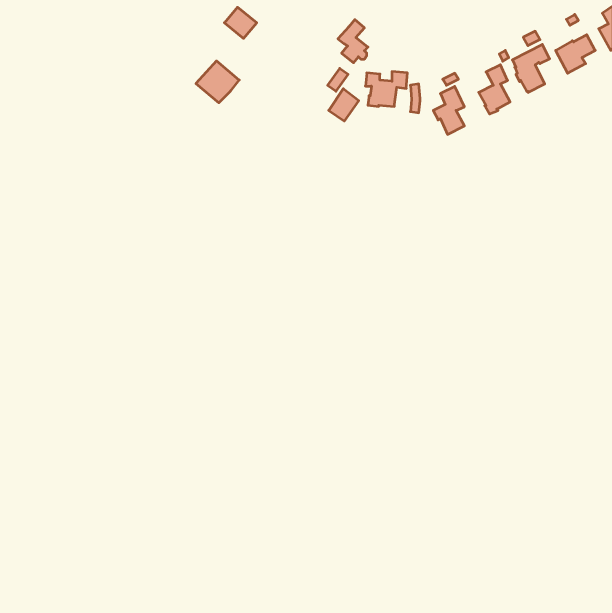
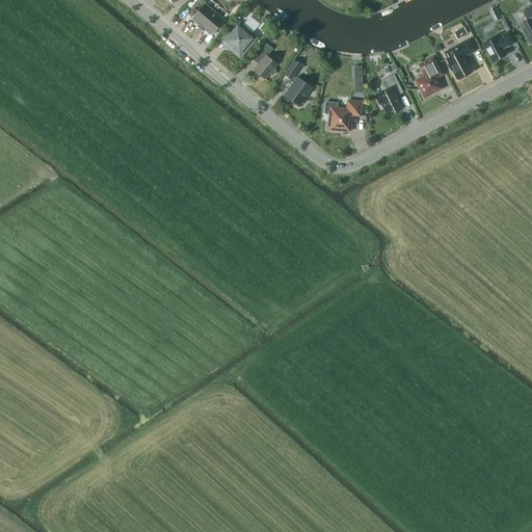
building: [338,20,368,63] -> [251,41,277,78]
building: [196,61,239,103] -> [220,21,258,57]
building: [365,72,407,106] -> [325,101,362,131]

